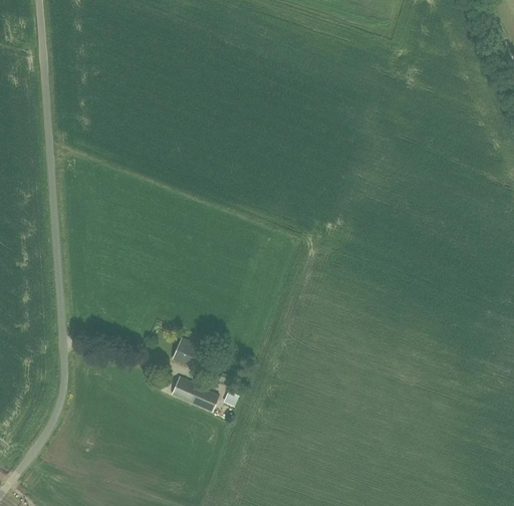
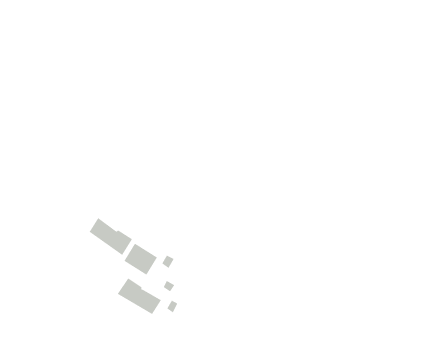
building: none -> [89,217,133,256]

